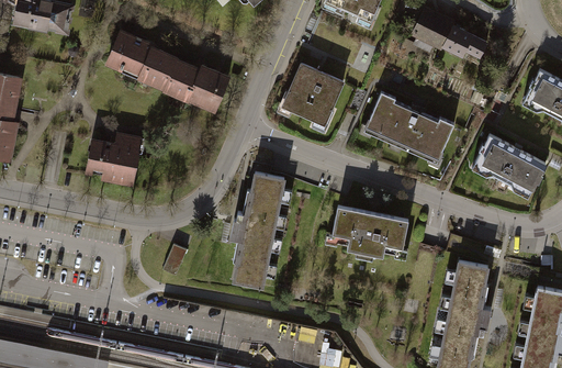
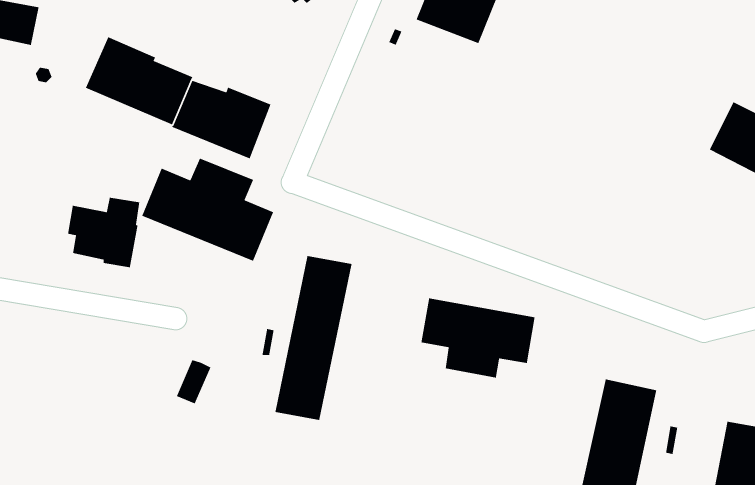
building: [413,12,488,67] -> none
building: [282,65,347,129] -> none
building: [361,88,453,161] -> none
building: none -> [141,157,274,262]
building: [473,135,546,196] -> none

